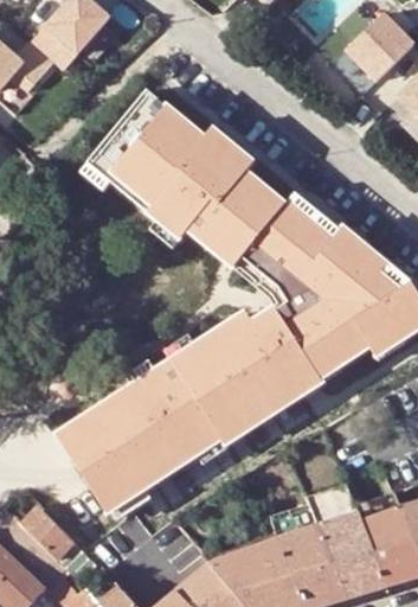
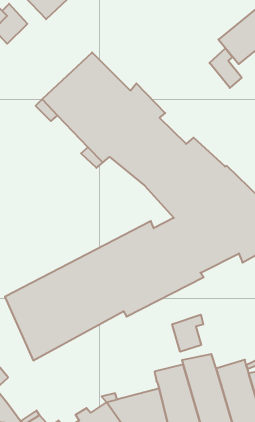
building: none -> [209,48,242,88]
building: none -> [172,315,203,352]

